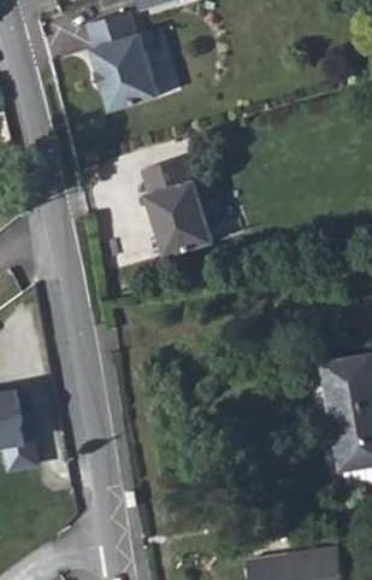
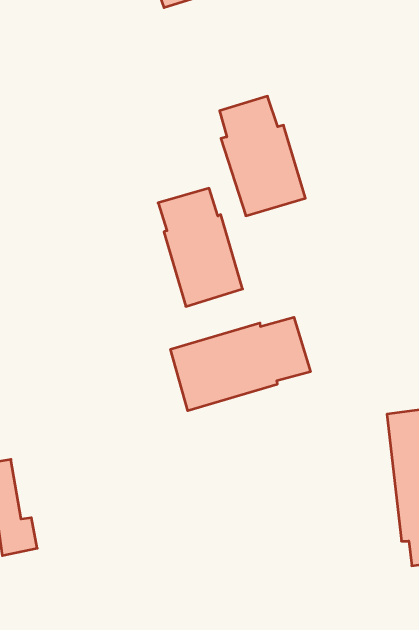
building: [91,11,163,110] -> [220,96,305,216]
building: none -> [171,317,310,411]

